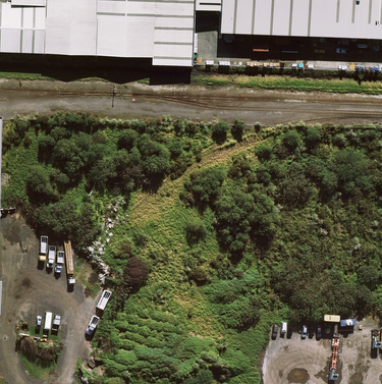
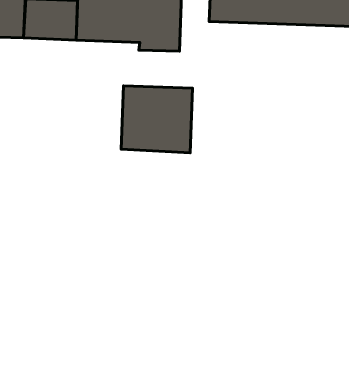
building: none -> [121,86,192,153]

